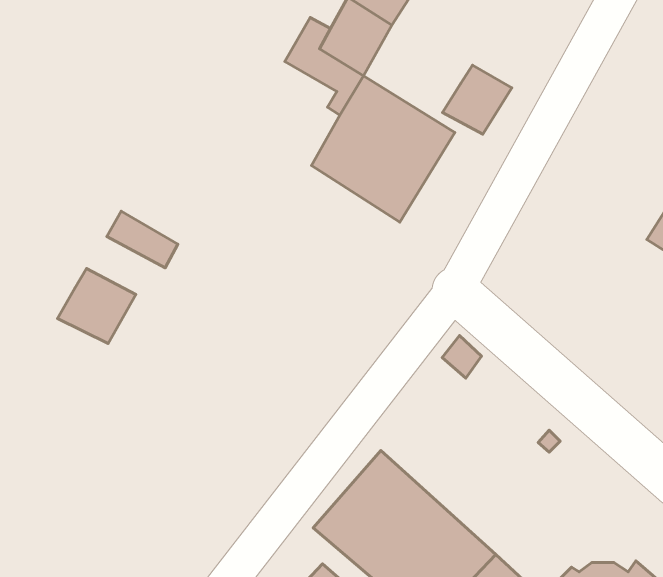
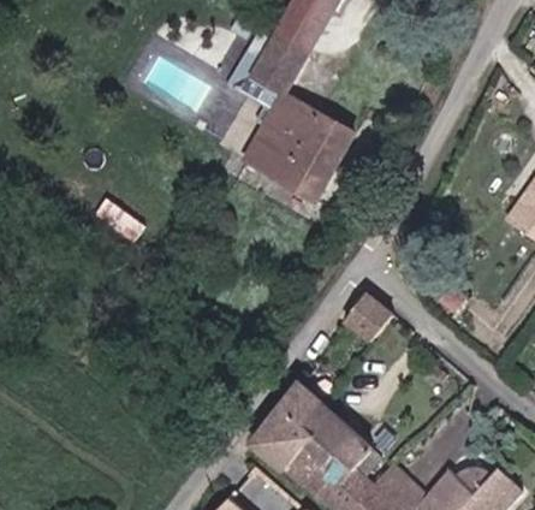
building: [443,65,512,134] -> none
building: [57,269,136,344] -> none

